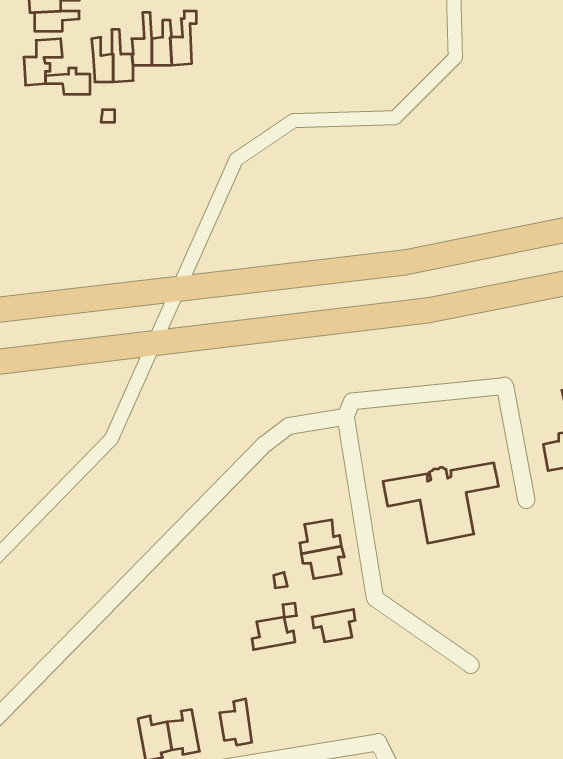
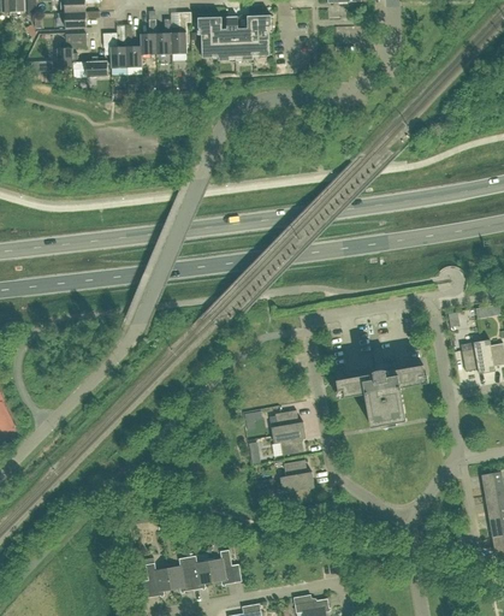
building: none -> [197,16,269,61]
building: [252,617,295,650] -> [279,460,313,485]
building: none -> [186,555,212,590]

